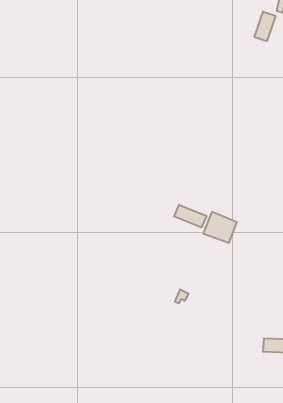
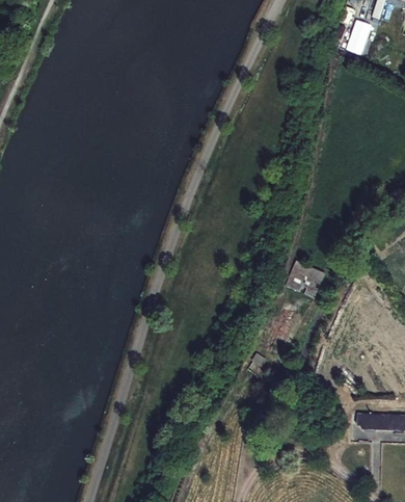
building: [174,205,206,227] -> none

